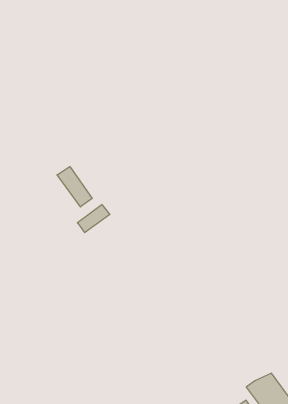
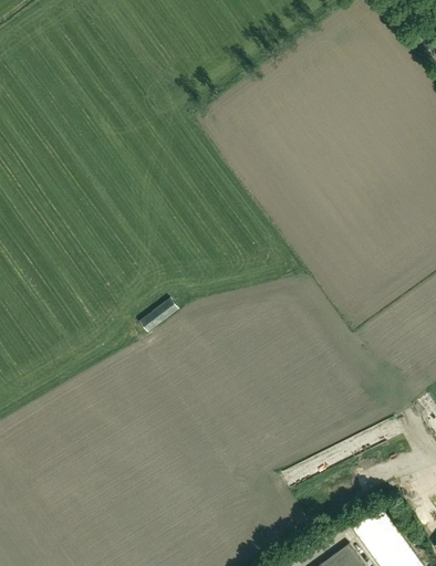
building: [57,167,92,207] -> none

